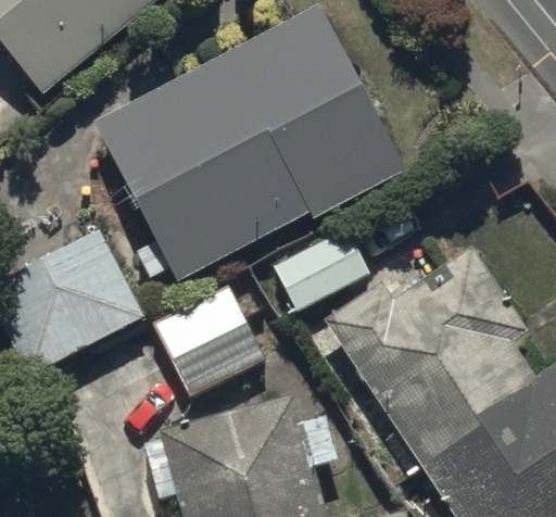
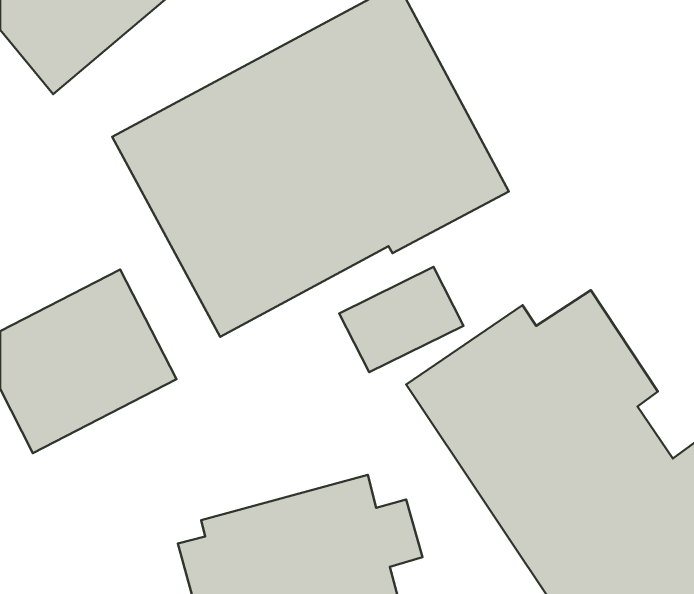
building: [152,282,265,394] -> none

